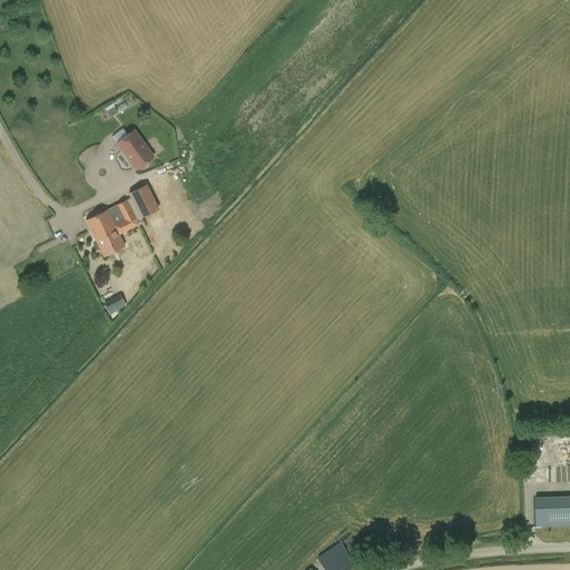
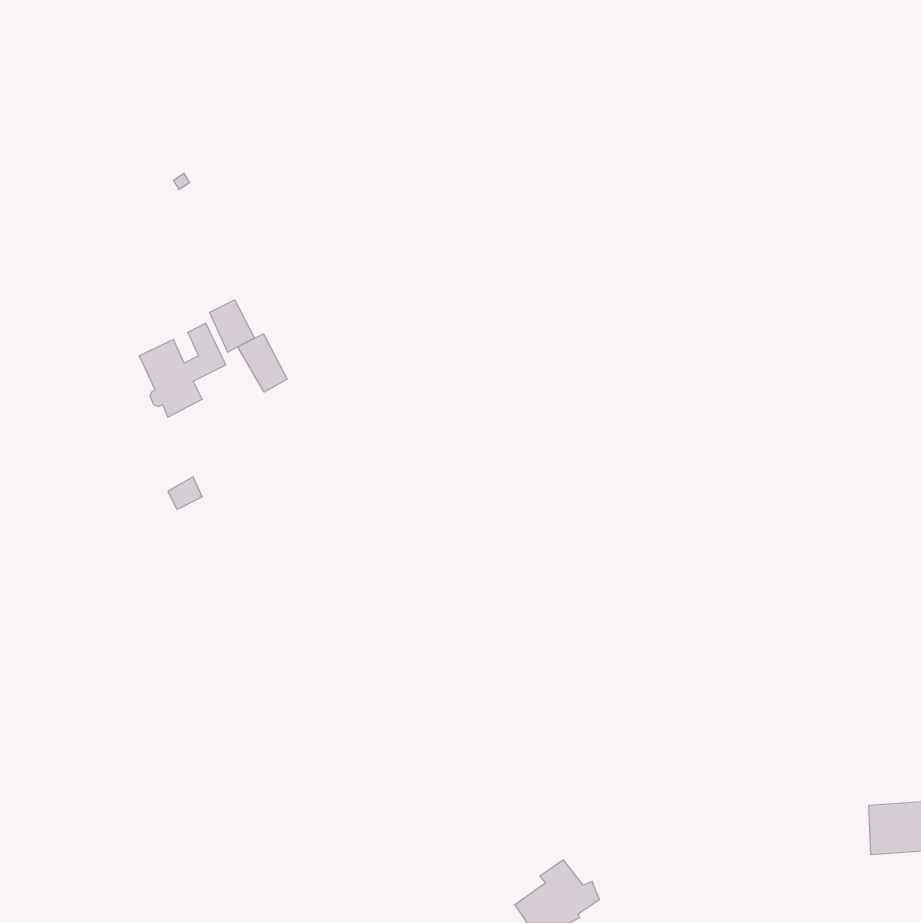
building: [112,127,150,167] -> none
building: none -> [238,334,287,392]

